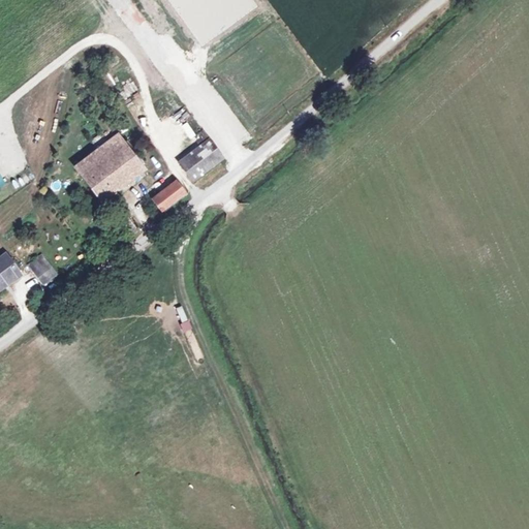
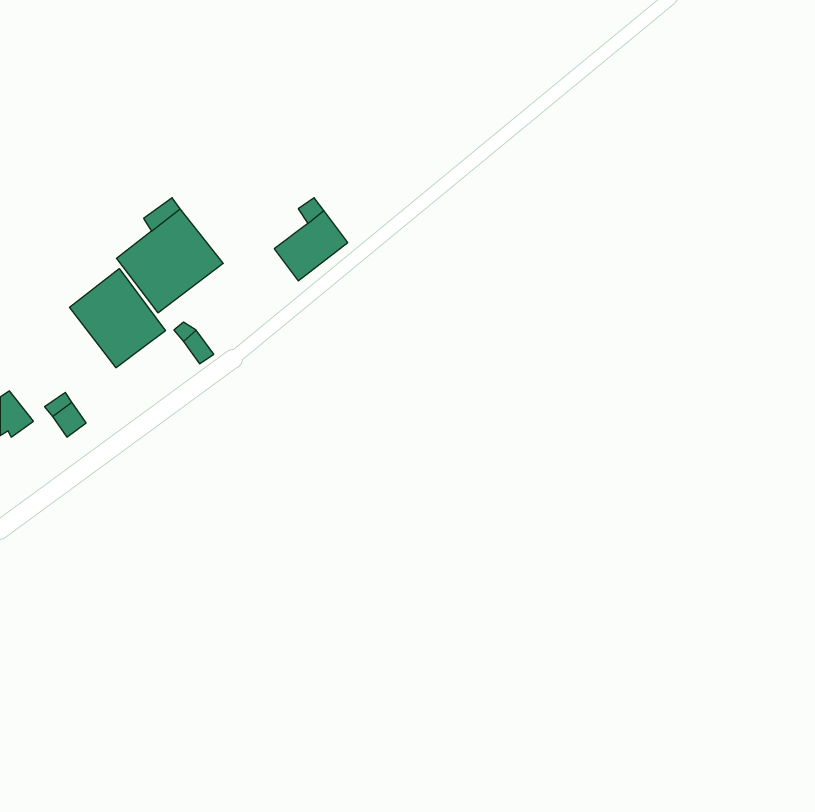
building: none -> [70,269,165,368]
building: [154,181,185,210] -> none

